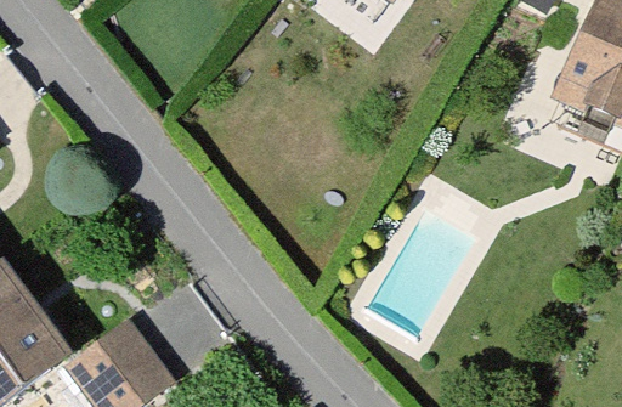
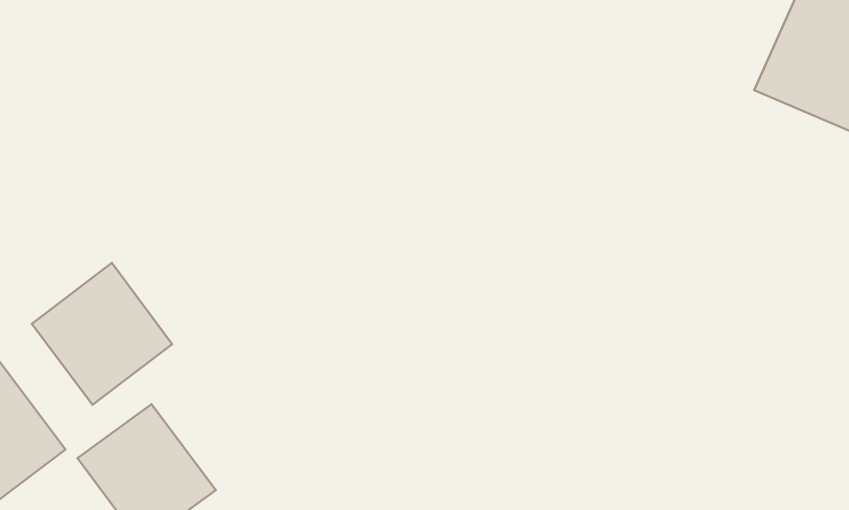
building: none -> [32,263,172,405]

